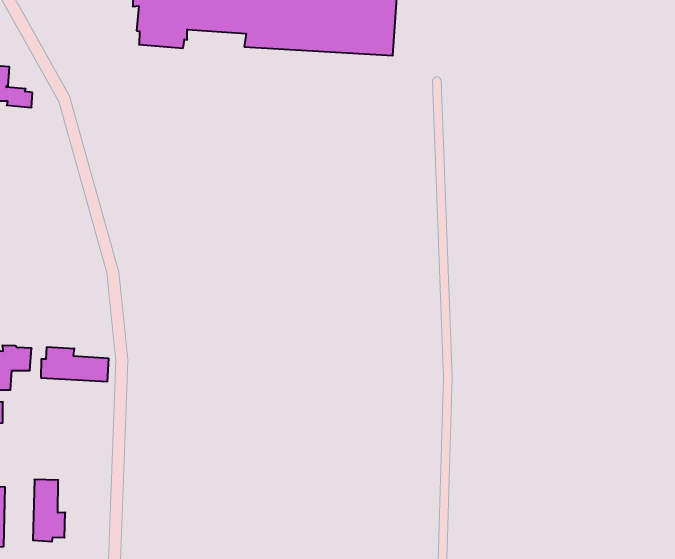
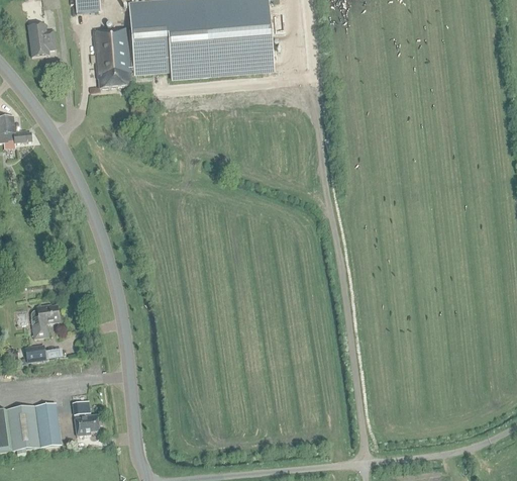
building: [41,347,108,382] -> none

